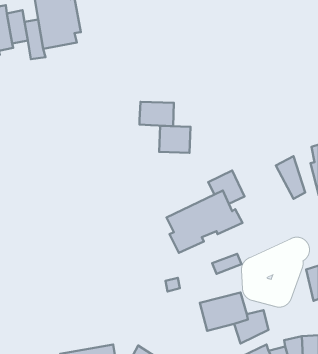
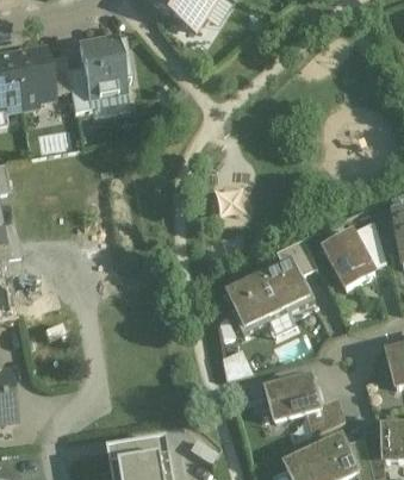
building: [139,102,174,126] -> none
building: none -> [324,232,375,288]

